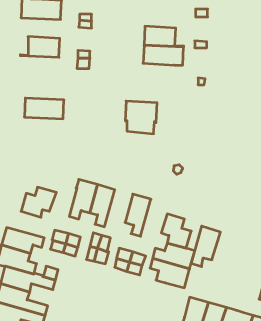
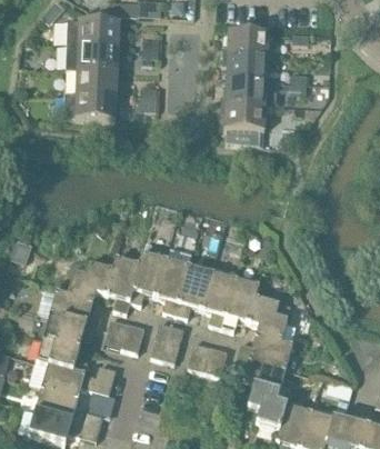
building: none -> [228,29,269,56]
building: none -> [67,42,119,69]
building: [24,98,64,119] -> [66,91,117,118]
building: [125,101,157,134] -> [224,101,266,143]
building: none -> [104,256,140,311]
building: none -> [176,265,212,316]
building: none -> [49,289,101,327]
building: [191,226,220,267] -> [222,277,260,329]
building: none -> [248,385,286,429]

